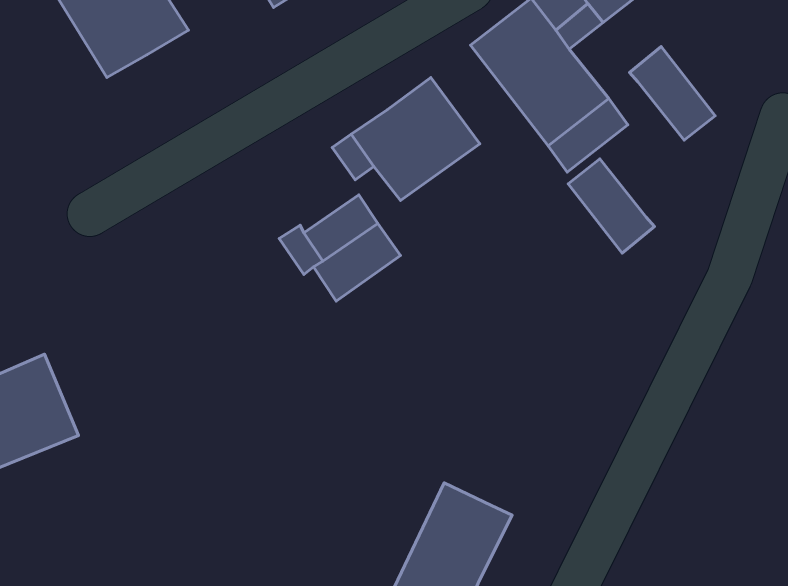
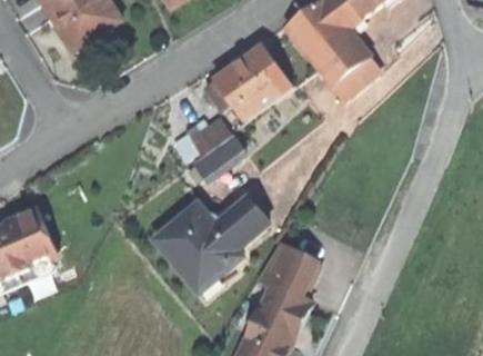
building: [630,46,715,140] -> none
building: [568,159,654,253] -> none
building: none -> [157,198,269,284]
building: none -> [258,241,315,297]

